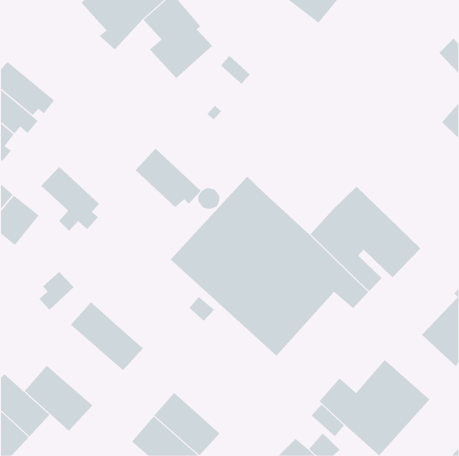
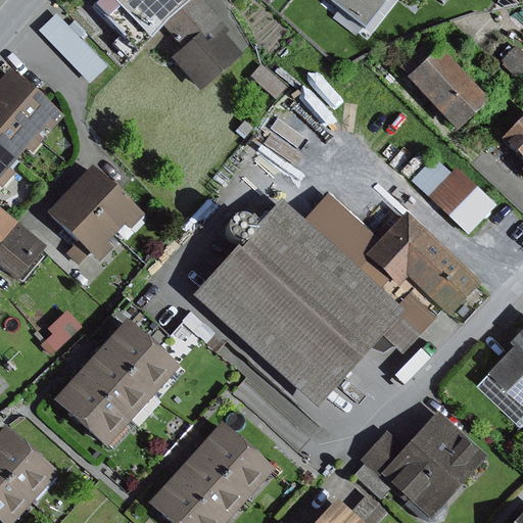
building: none -> [39,11,107,81]
building: none -> [407,46,488,129]
building: none -> [412,155,496,232]
building: [135,148,201,208] -> [67,163,143,232]
building: none -> [301,191,378,267]
building: none -> [103,319,178,389]
building: [24,365,93,431] -> [54,370,133,445]
building: none -> [198,422,273,493]

